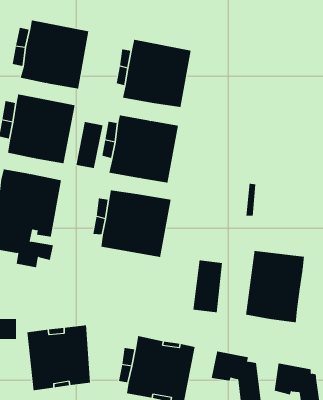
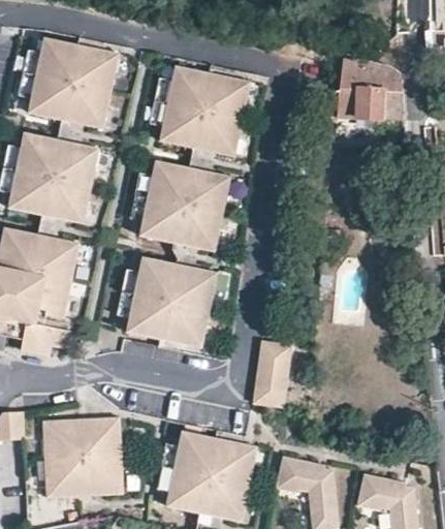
building: none -> [337,67,404,125]
building: [76,121,103,169] -> none
building: [246,250,304,323] -> none

